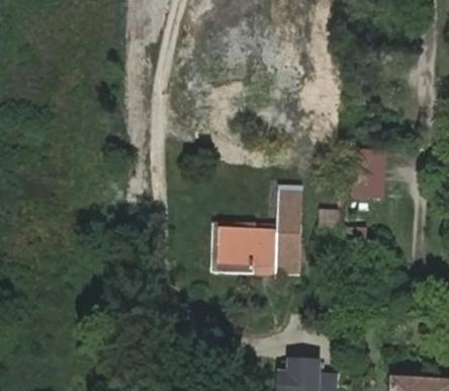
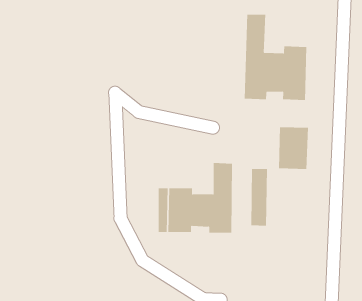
building: none -> [244,14,307,101]

